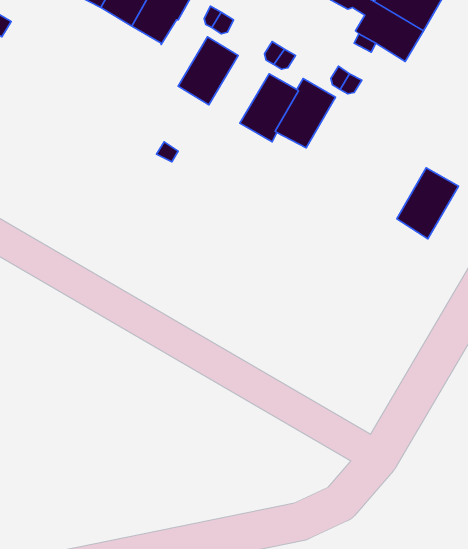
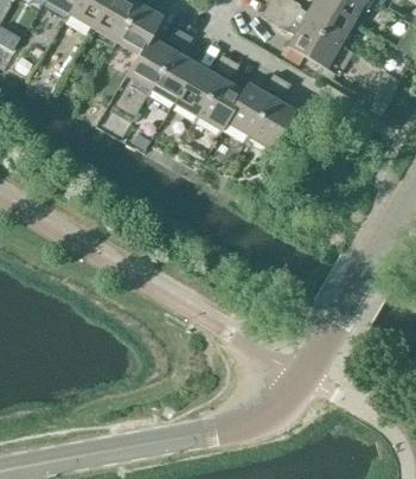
building: none -> [127,37,174,88]
building: none -> [175,64,222,116]
building: [397,168,459,239] -> [250,96,297,151]

